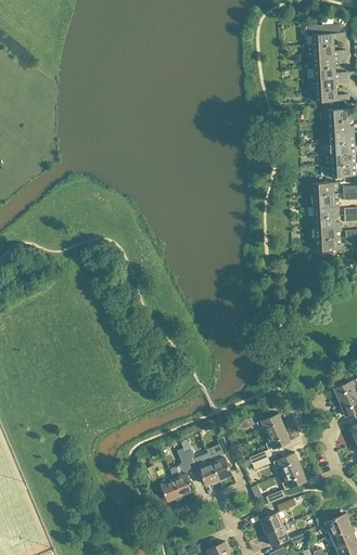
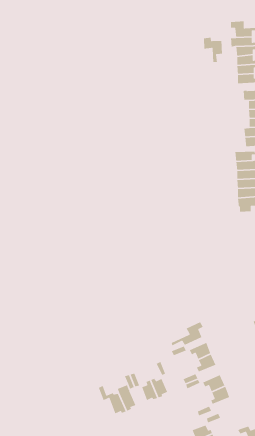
building: none -> [203,37,223,63]
building: none -> [171,321,204,347]

